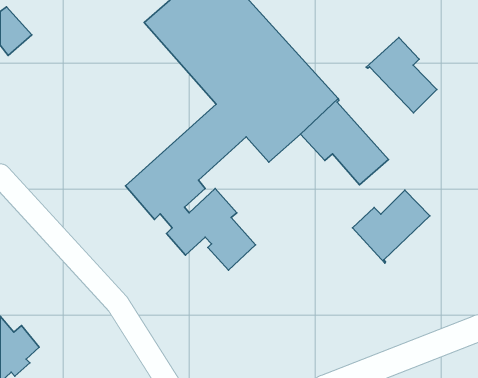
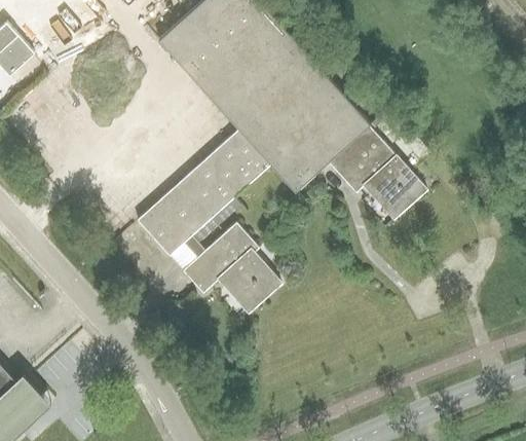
building: [366,38,437,113] -> none
building: [353,190,430,263] -> none

